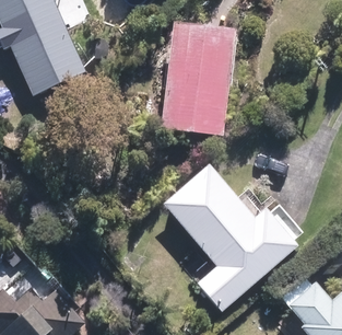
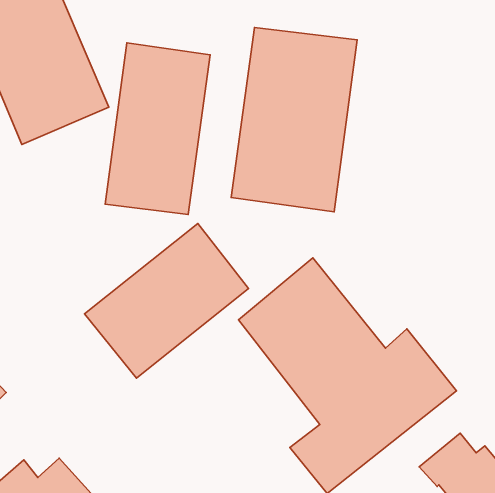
building: none -> [105,43,210,214]
building: none -> [85,223,248,378]

